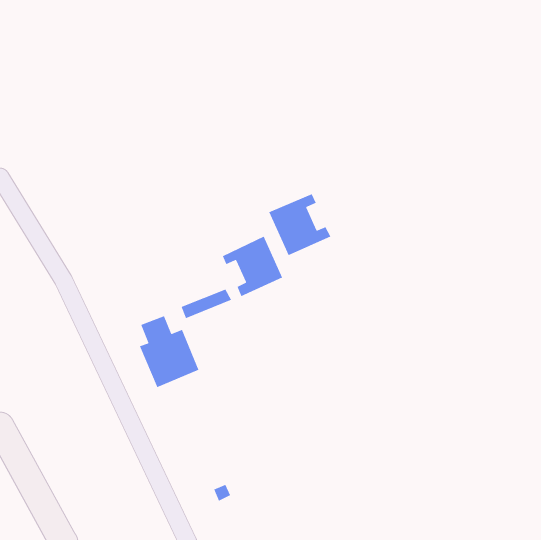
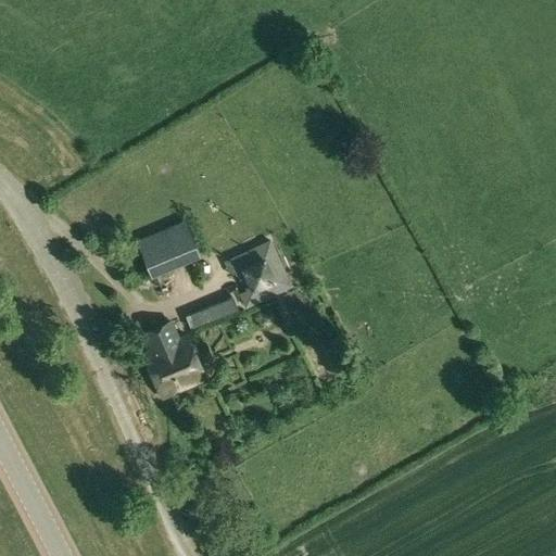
building: [268,193,331,256] -> none
building: none -> [136,219,198,275]

